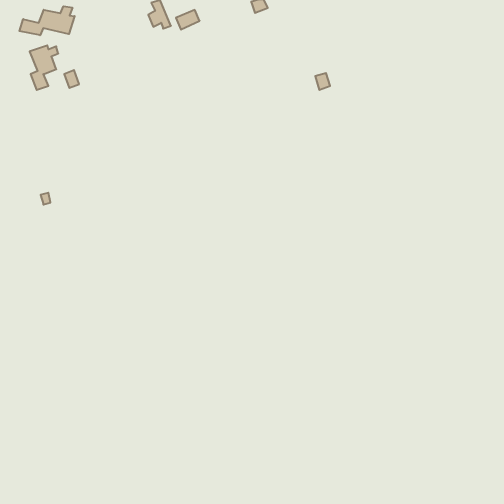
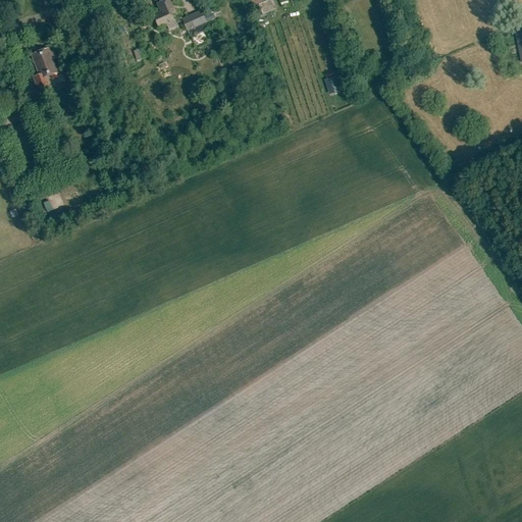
building: [19,6,75,35] -> none

